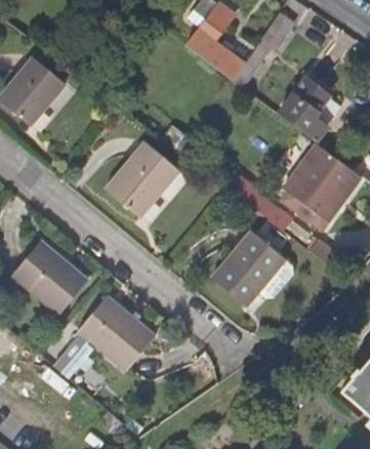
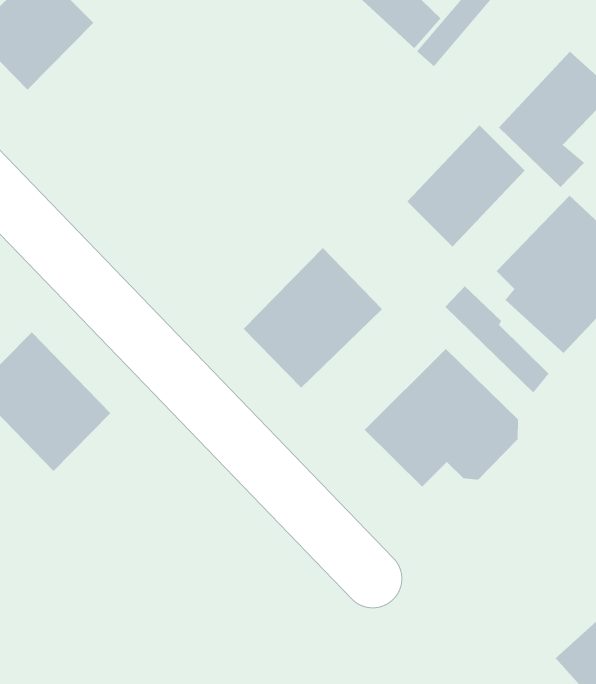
building: none -> [407,125,525,247]
building: [105,141,176,216] -> [243,247,383,389]
building: [63,303,163,384] -> none

